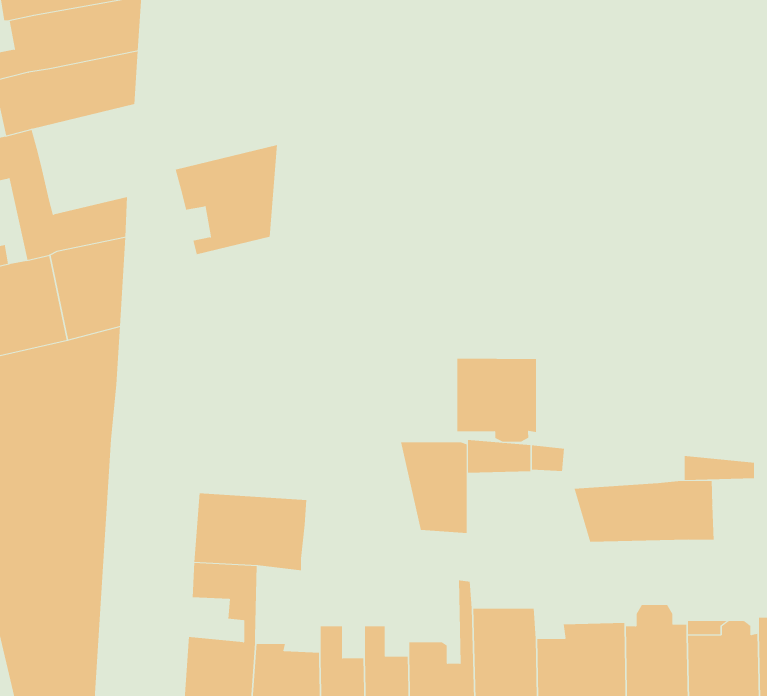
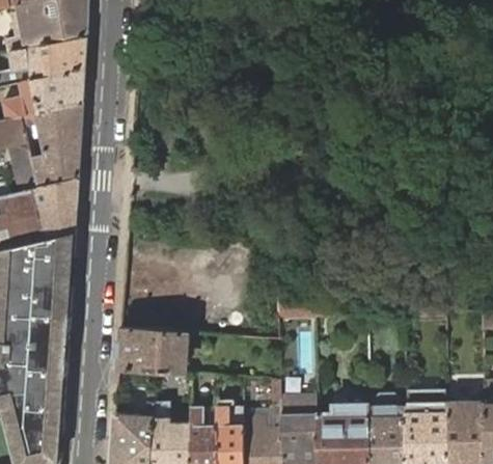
building: [175,145,278,255] -> [21,103,81,167]
building: [457,358,537,443] -> none
building: [401,442,467,534] -> none
building: [574,480,714,542] -> none

